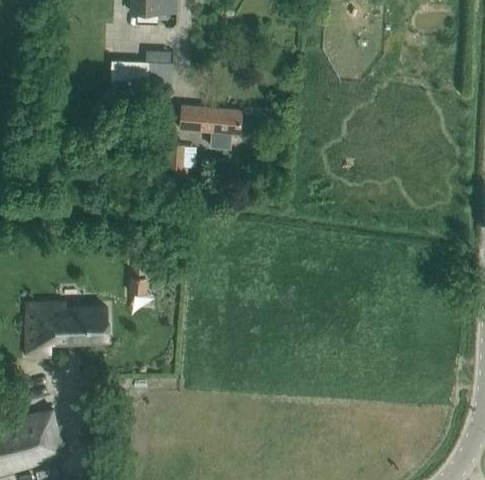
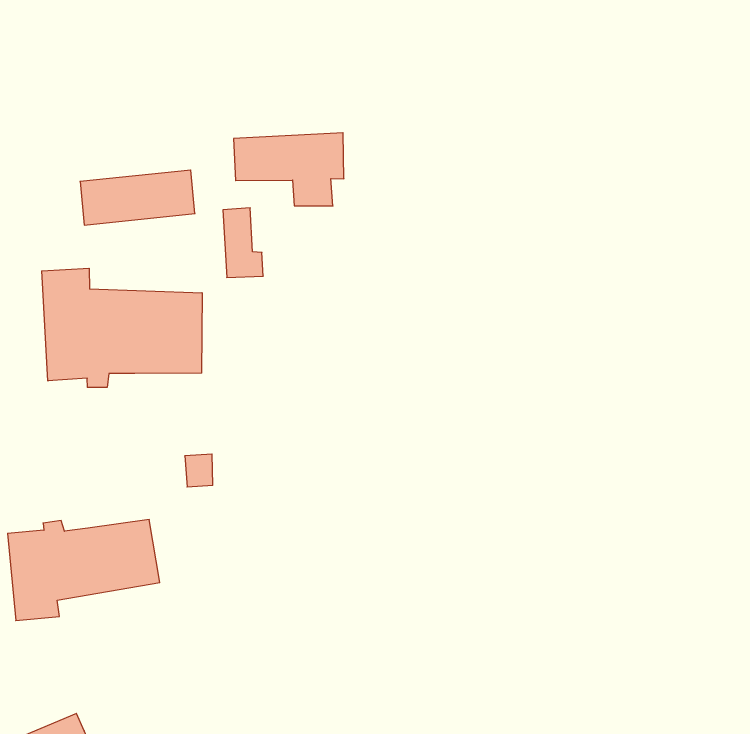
building: [118,64,180,91] -> [80,170,195,225]
building: none -> [42,268,202,387]

